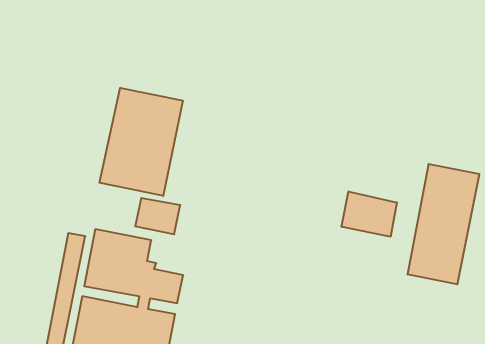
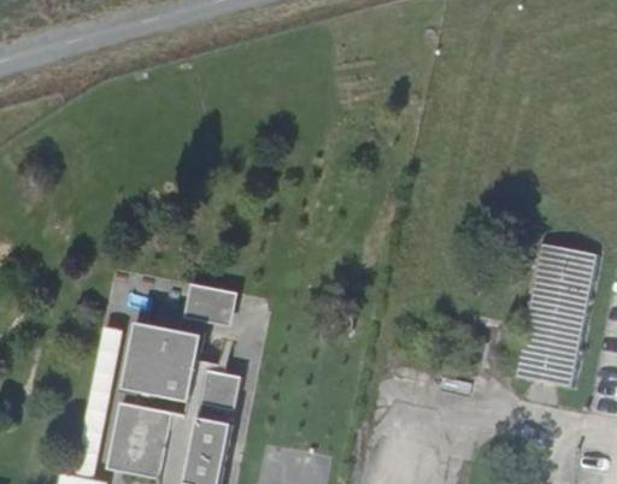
building: [100,88,183,196] -> none
building: [342,191,397,237] -> none

